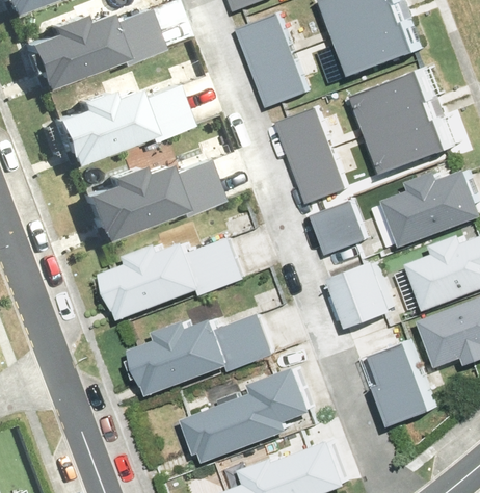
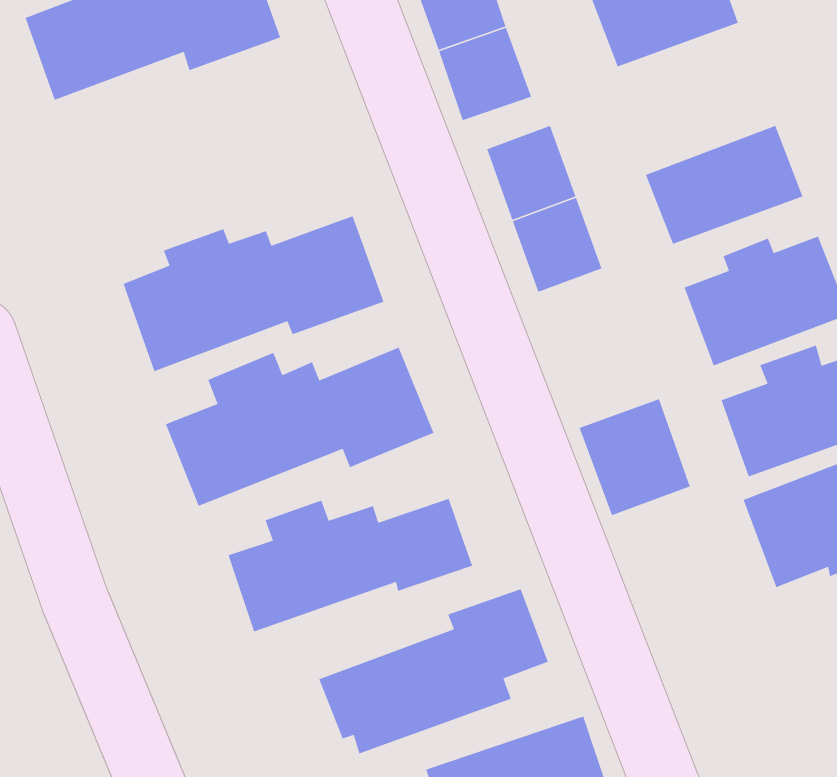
building: [349,69,437,136] -> none
building: [37,73,187,173] -> none
building: [308,201,363,255] -> none
building: [369,340,430,424] -> none

